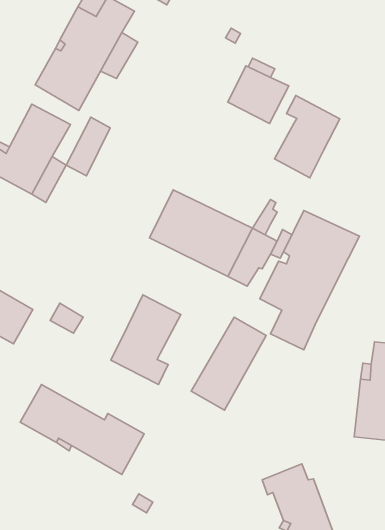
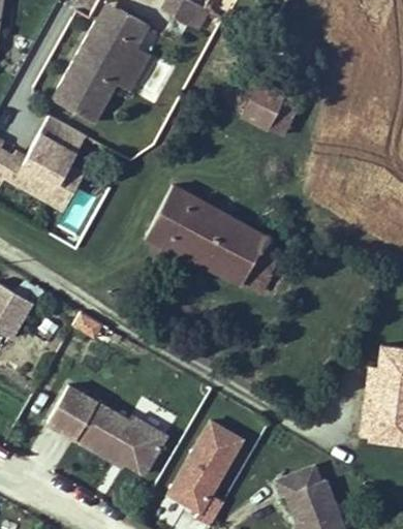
building: [275,96,340,178] -> none
building: [66,117,110,176] -> [146,188,188,245]
building: [260,210,359,350] -> none
building: [111,295,181,384] -> none
building: [191,317,266,410] -> [171,422,243,511]

